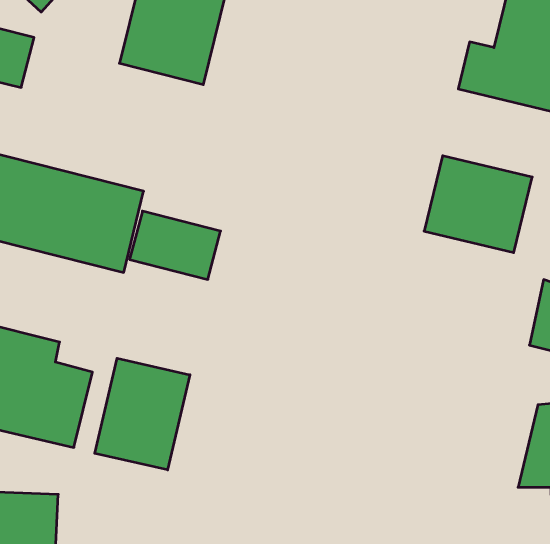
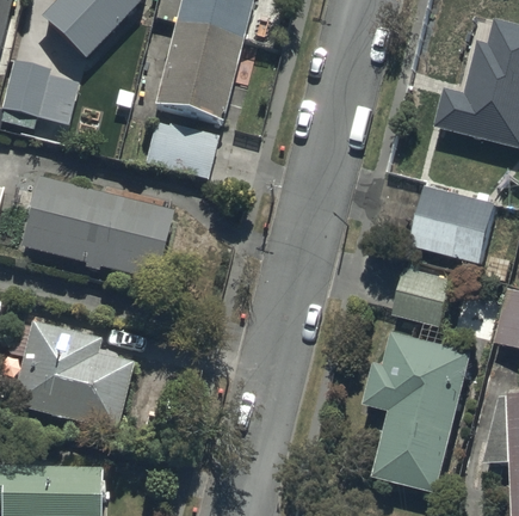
building: [130,211,221,279] -> [141,124,217,182]
building: none -> [395,269,452,327]
building: none -> [363,331,475,493]
building: [95,358,190,470] -> none

